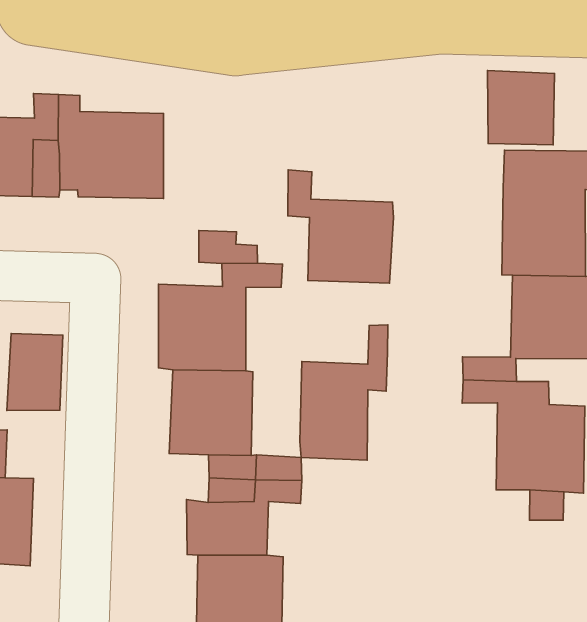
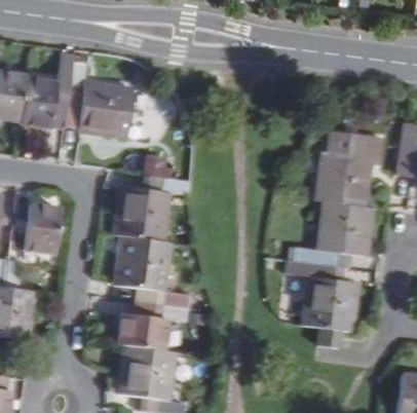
building: [488,70,554,145] -> none
building: [288,170,393,283] -> none
building: [300,325,388,460] -> none

